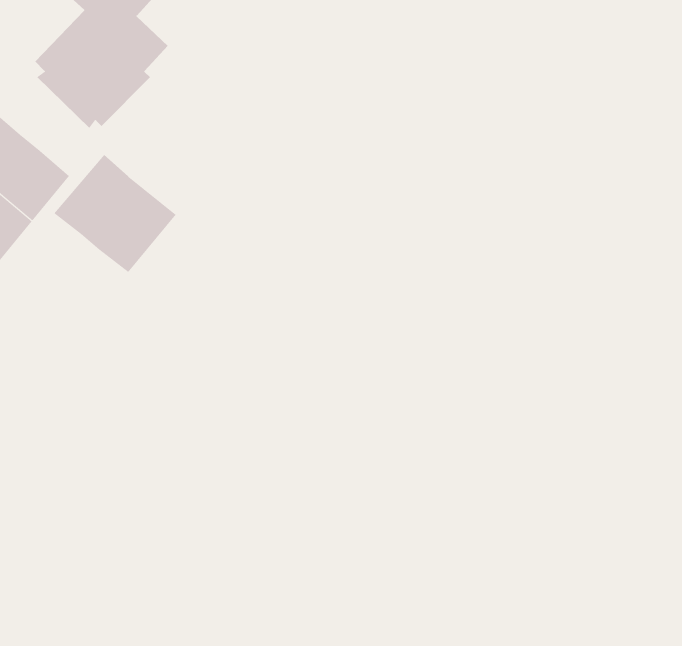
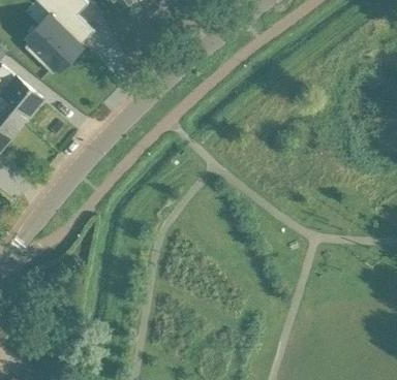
building: [54,154,176,273] -> none

